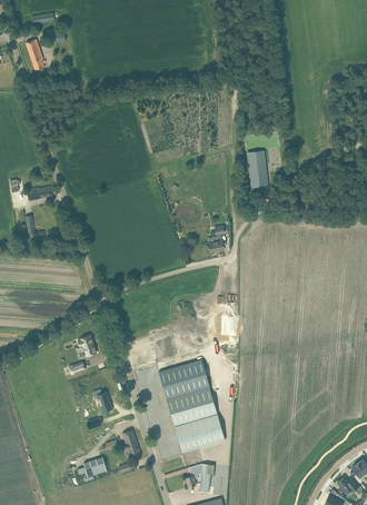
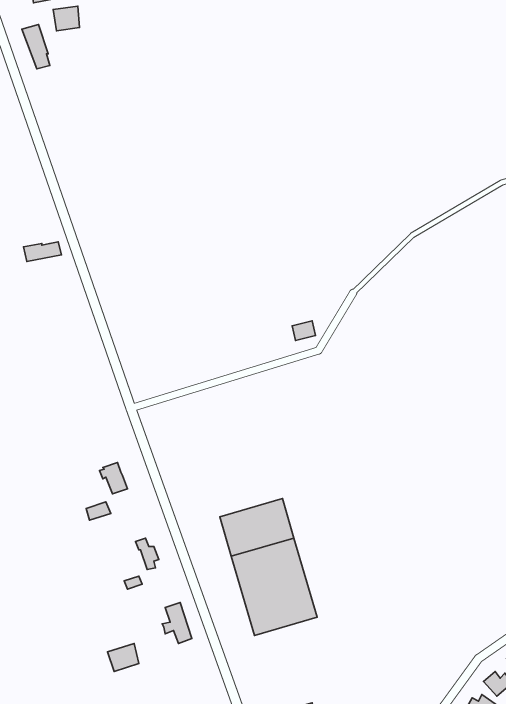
building: [246,151,267,186] -> none
building: [185,463,214,492] -> none

